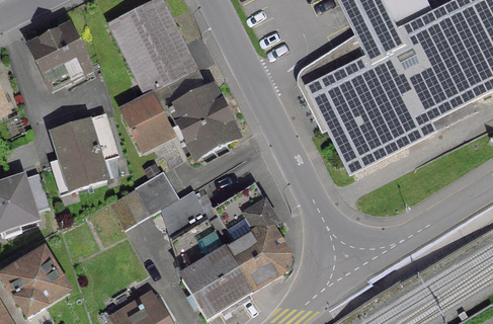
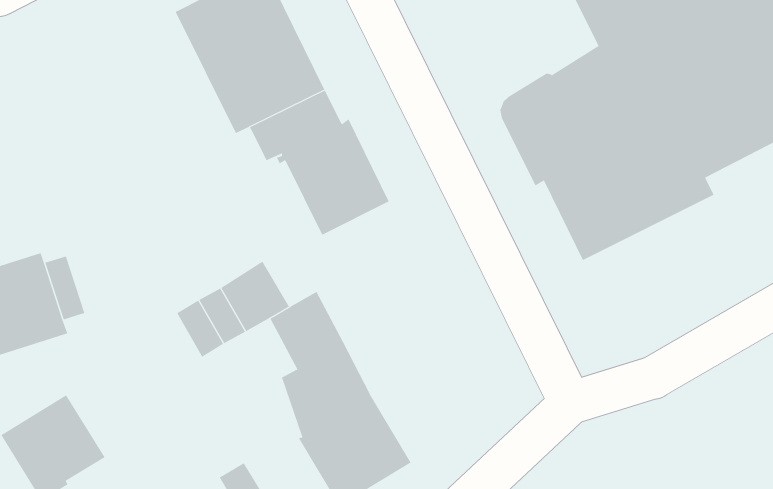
building: [29,26,90,90] -> none
building: [120,94,172,149] -> none
building: [51,115,116,193] -> none
building: [209,190,286,293] -> none

